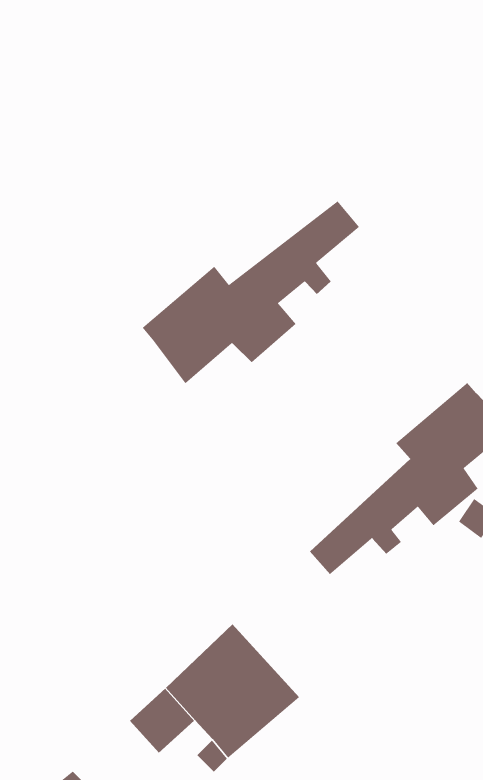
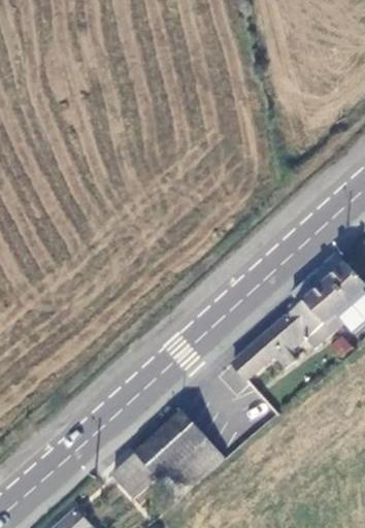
building: [142,200,360,384] -> none

